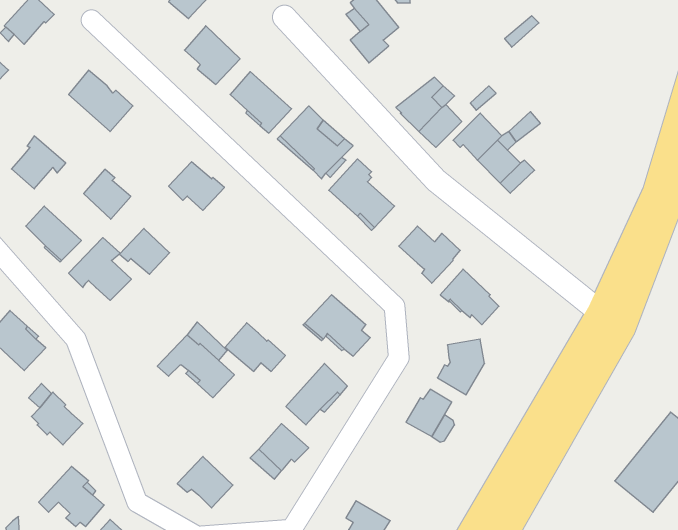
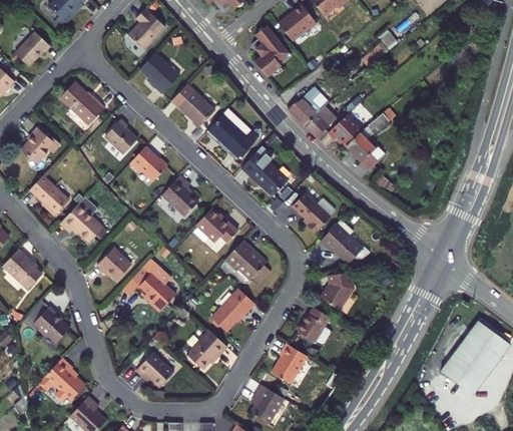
building: [84,169,131,219] -> [104,119,137,154]
building: none -> [161,174,197,216]
building: [120,228,170,274] -> [96,248,131,280]
building: [225,323,285,371] -> [194,207,236,242]
building: none -> [271,343,307,383]

